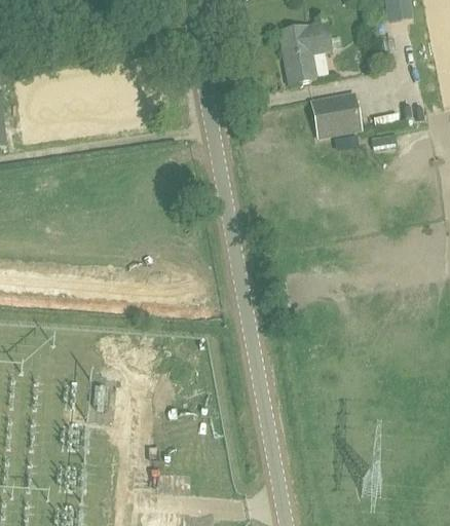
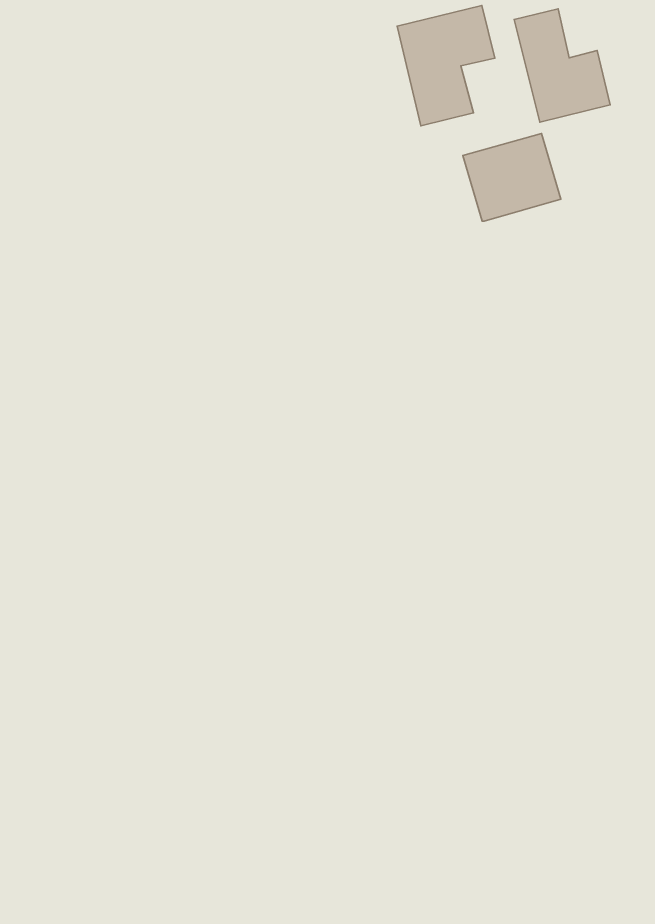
building: none -> [514,9,610,122]

